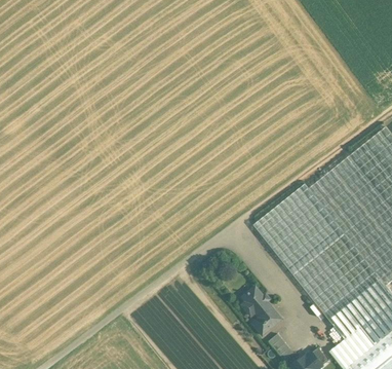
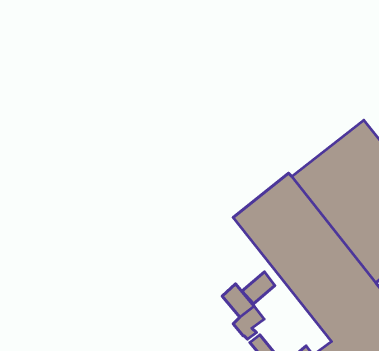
building: none -> [242,272,275,304]

